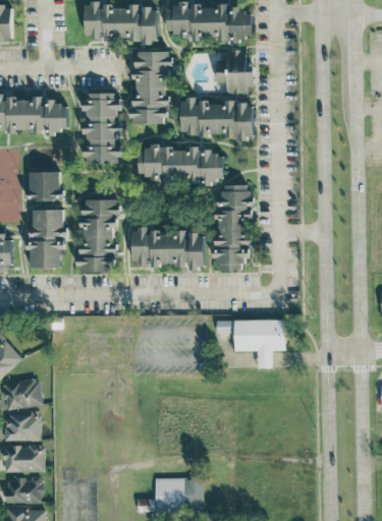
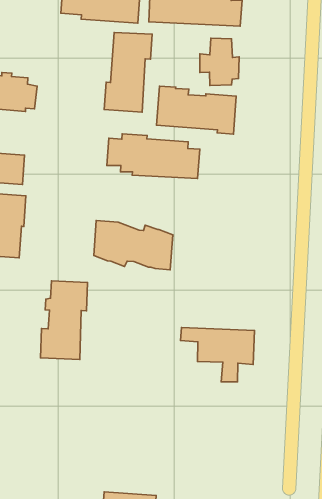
building: [80,93,119,164] -> none
building: [212,184,253,272] -> none
building: [76,199,117,273] -> [41,281,88,360]

